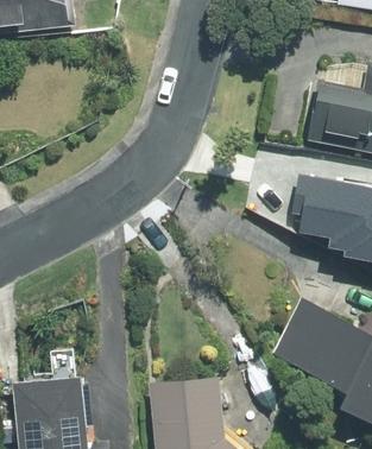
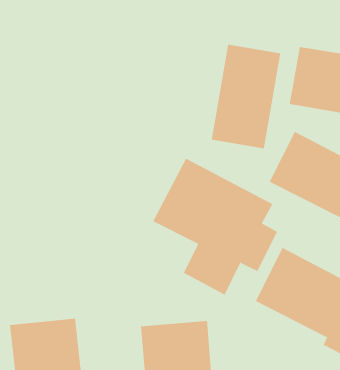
building: none -> [211,44,281,149]
building: none -> [153,158,278,295]

